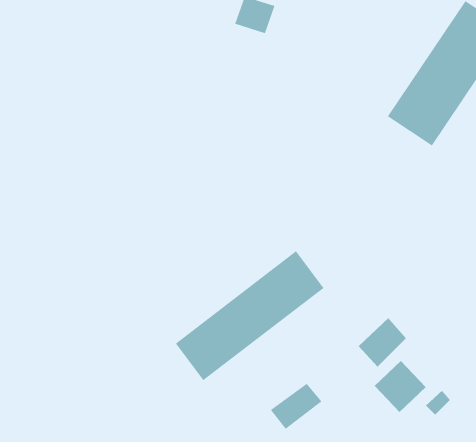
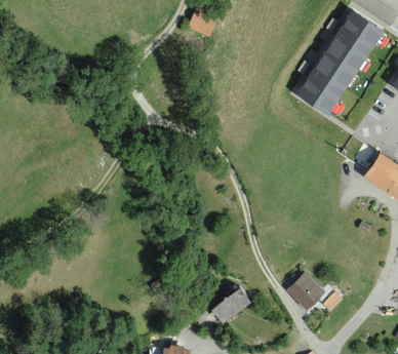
building: [175,250,325,381] -> none
building: [358,317,407,367] -> none

